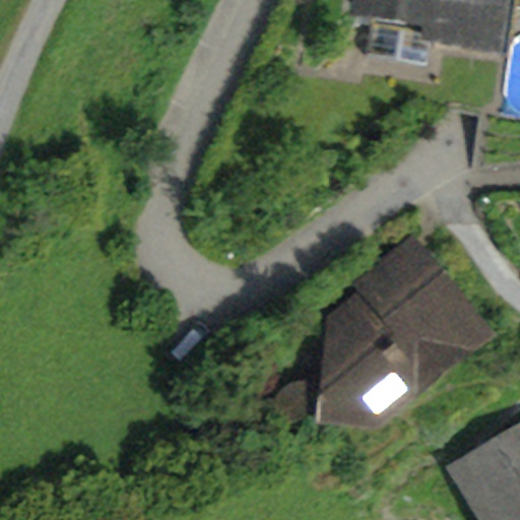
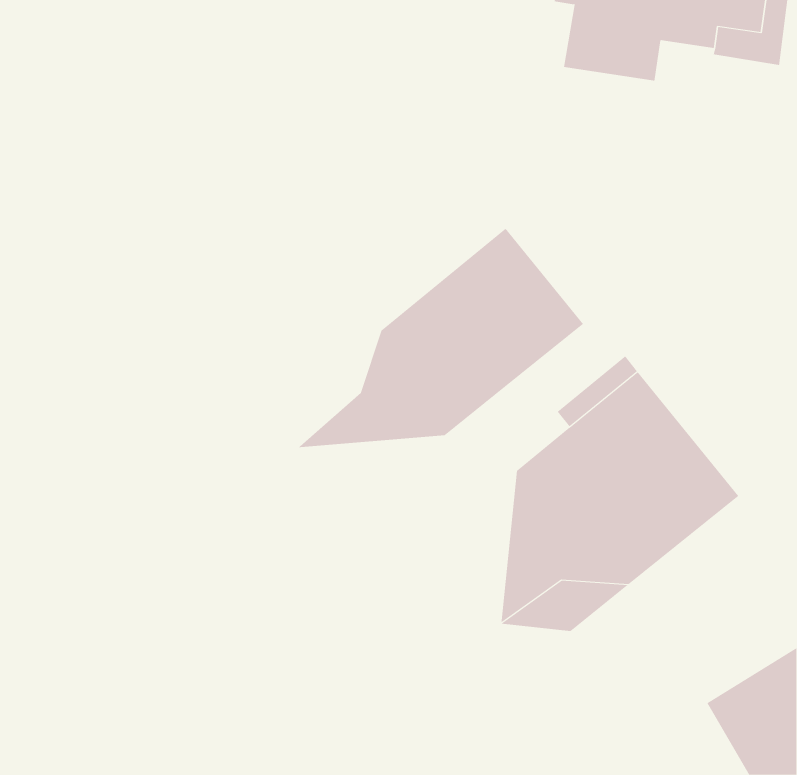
building: none -> [297,228,584,448]

